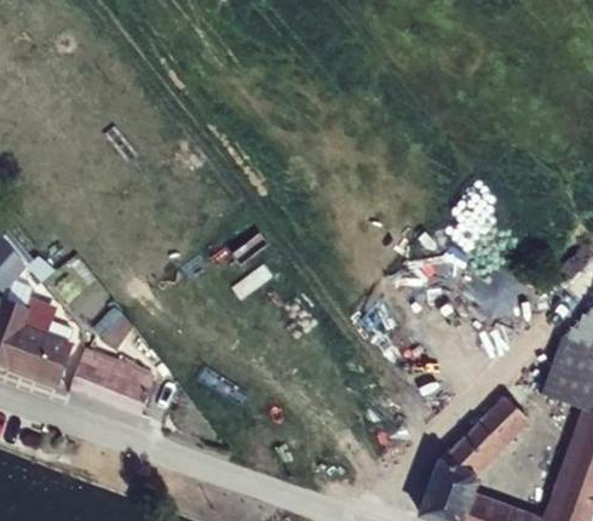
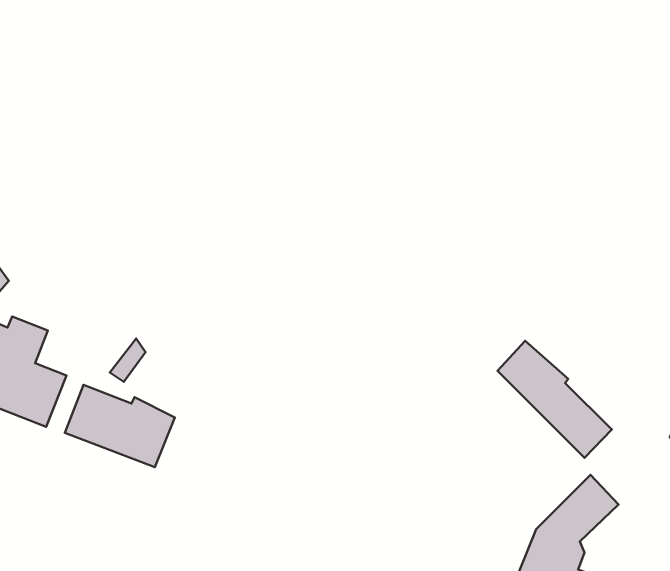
building: none -> [498,341,612,458]
building: [480,396,528,443] -> none

